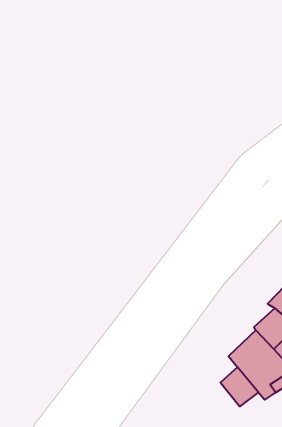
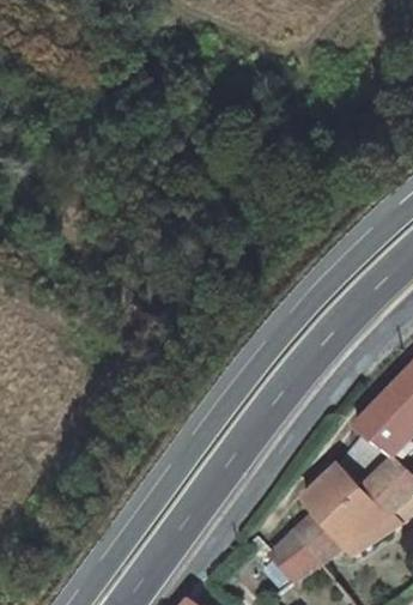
building: none -> [271,531,317,579]

